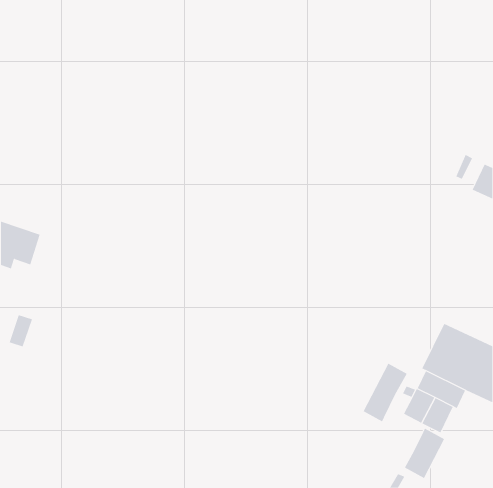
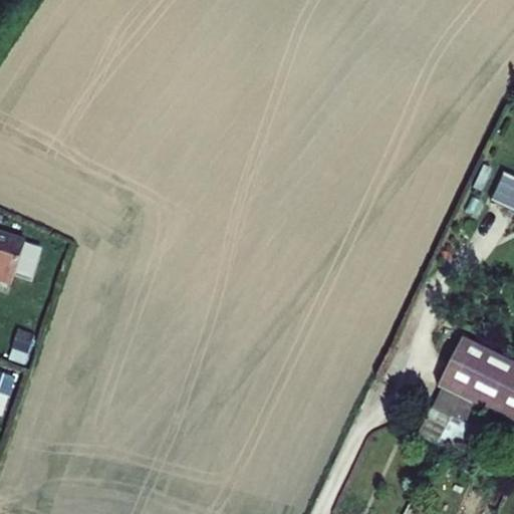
building: [363,363,407,422] -> none
building: [404,428,445,479] -> none

